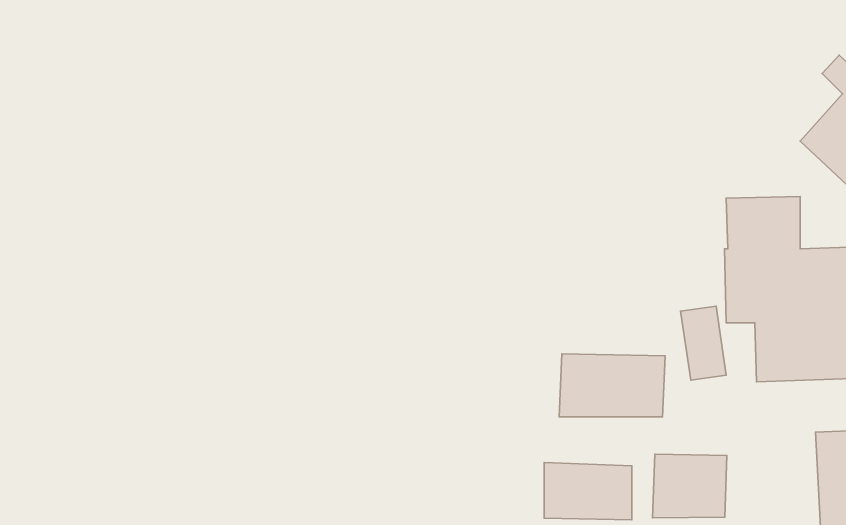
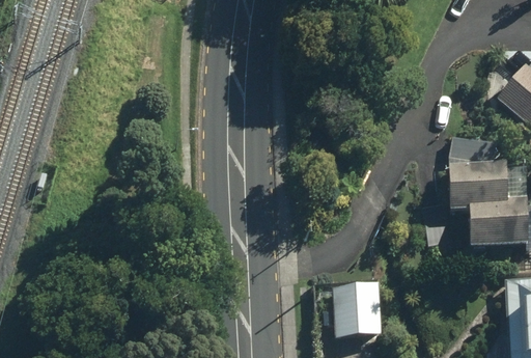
building: [559,354,665,417] -> none
building: [653,454,727,518] -> none

